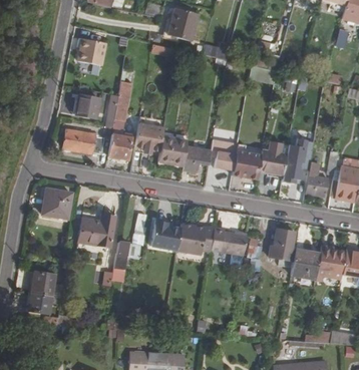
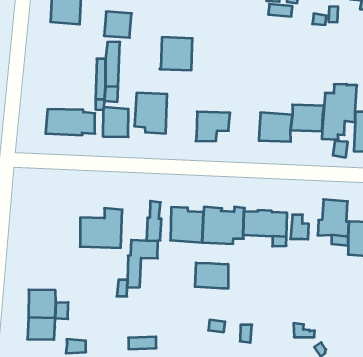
building: [75,94,99,117] -> [104,12,132,38]
building: [157,136,187,165] -> [160,37,192,70]
building: [211,139,238,169] -> none
building: [42,188,72,216] -> none
building: none -> [195,263,228,288]

